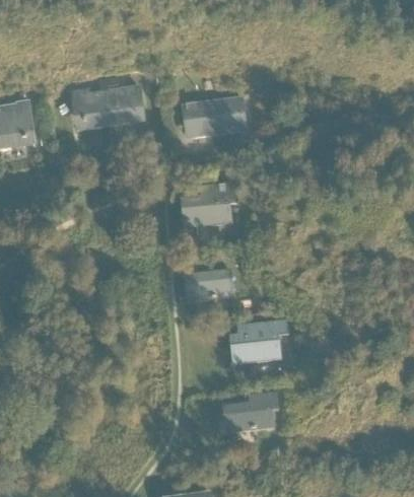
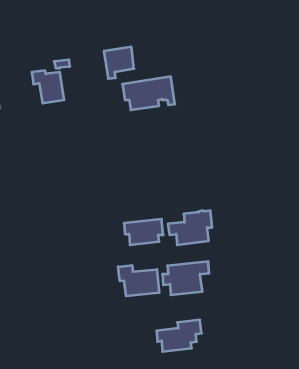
building: [106,86,142,125] -> [104,47,134,79]
building: [181,184,234,225] -> [168,211,212,245]
building: none -> [118,265,159,296]

